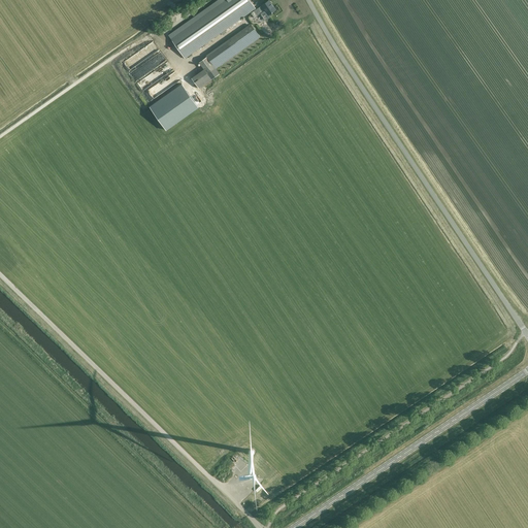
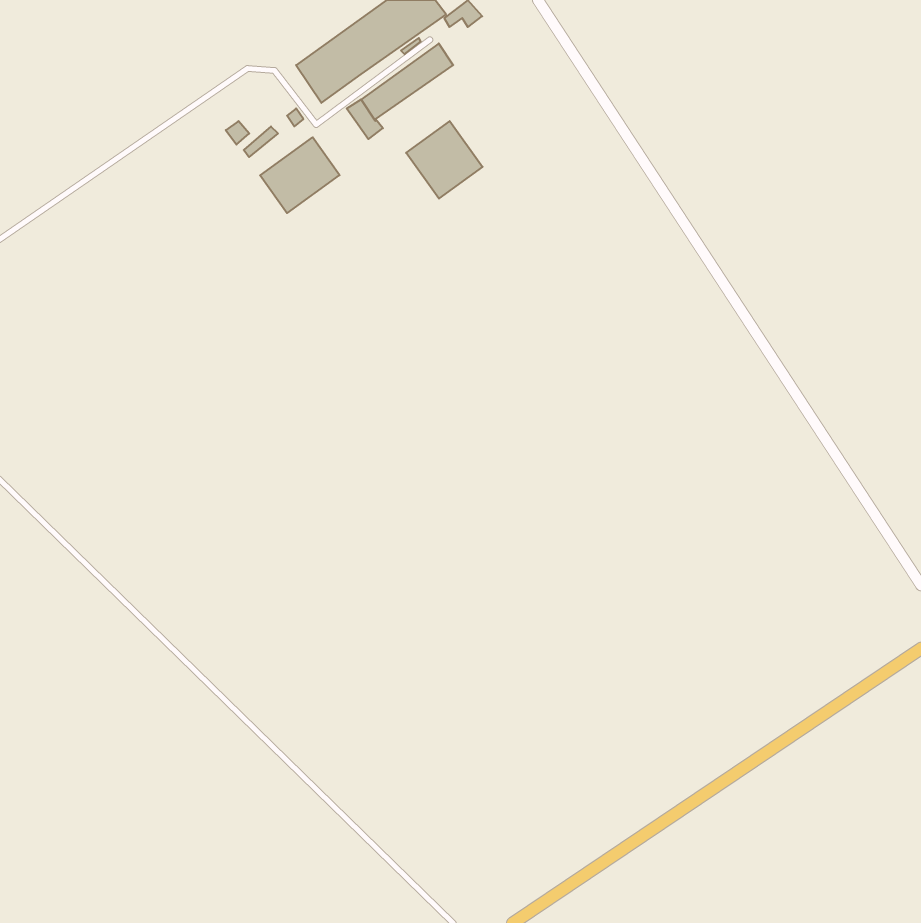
building: none -> [406,121,483,199]

